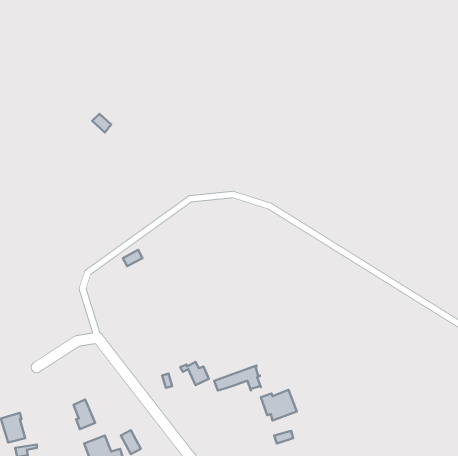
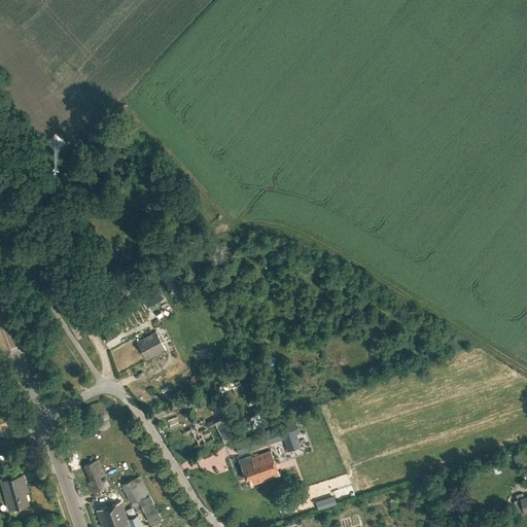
building: none -> [137,333,165,361]
building: [261,390,297,420] -> [239,452,280,487]
building: none -> [121,478,150,504]

